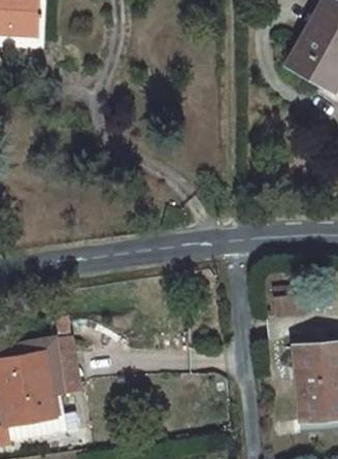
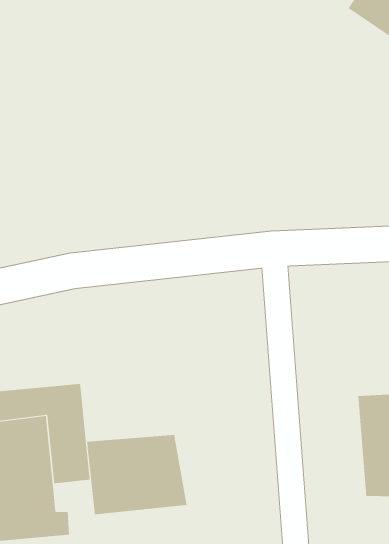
building: none -> [87,434,187,515]

